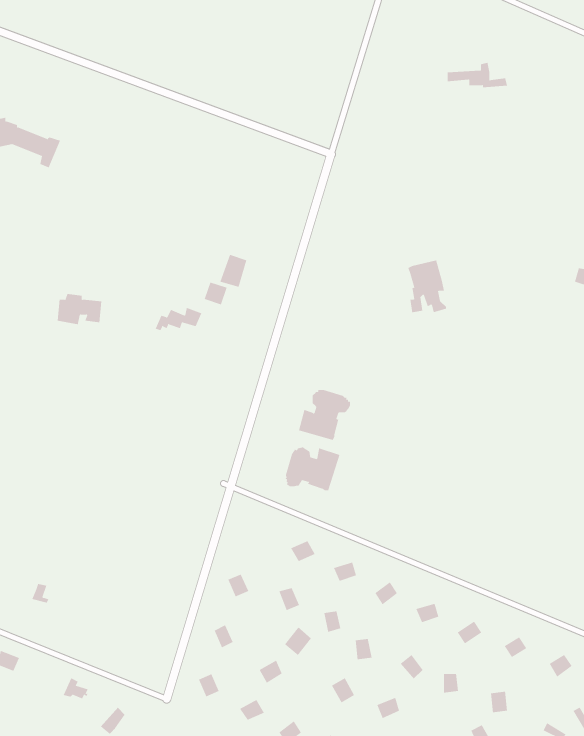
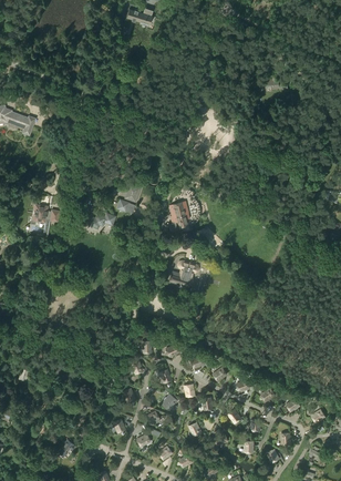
building: [408,260,447,313] -> [168,201,190,231]
building: [285,447,340,491] -> none

